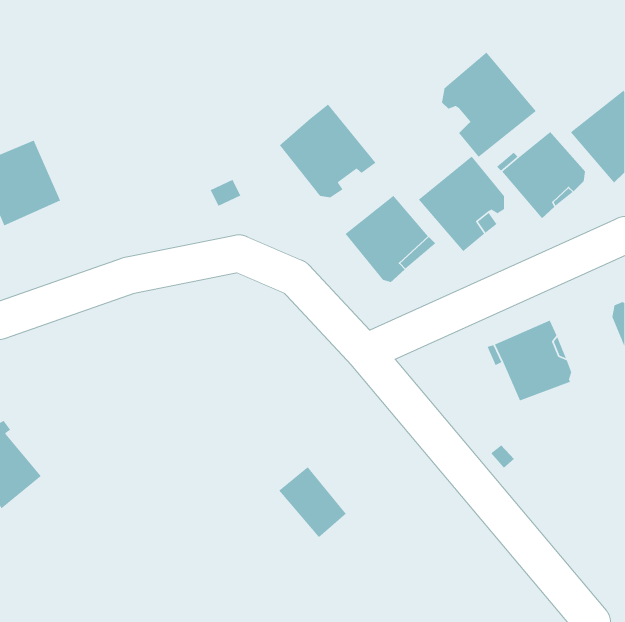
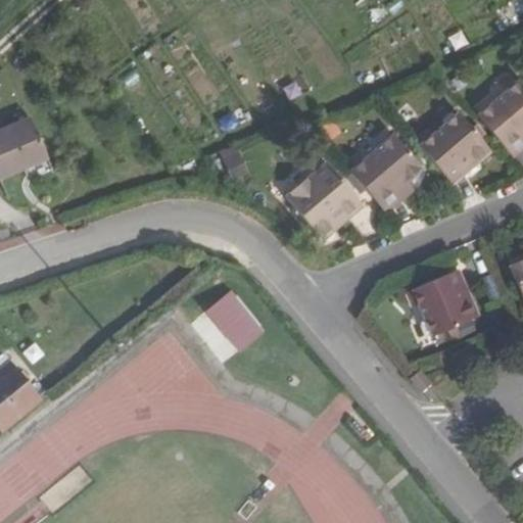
building: [441,52,537,158] -> none
building: [279,104,376,198] -> none
building: [278,466,347,538] -> [205,291,263,351]

